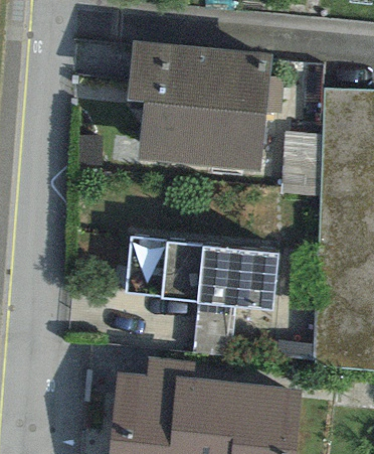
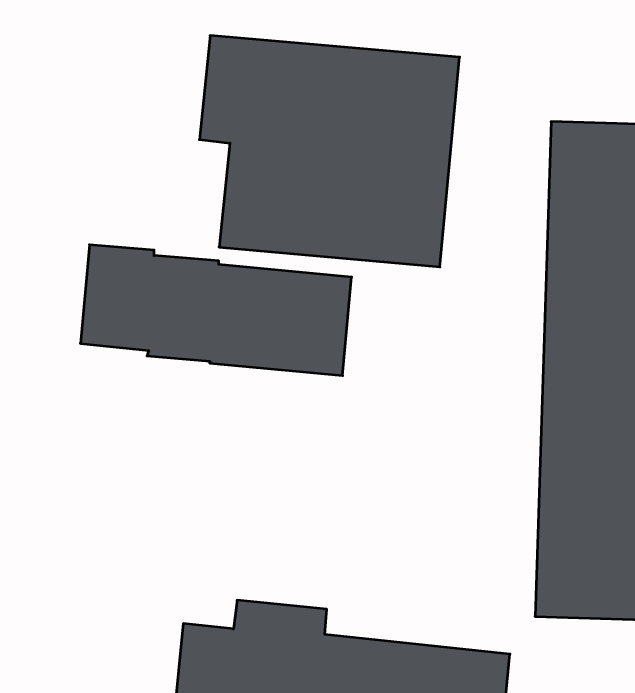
building: [127,237,278,310] -> [80,245,352,376]

